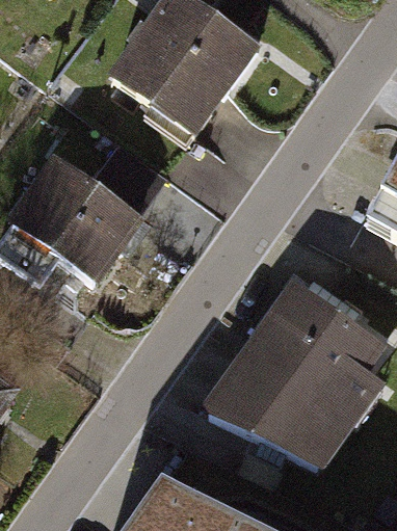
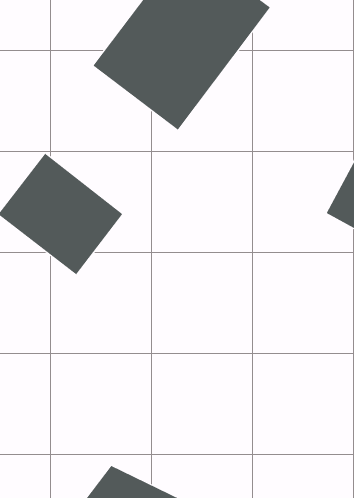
building: [216,306,372,466] -> none

